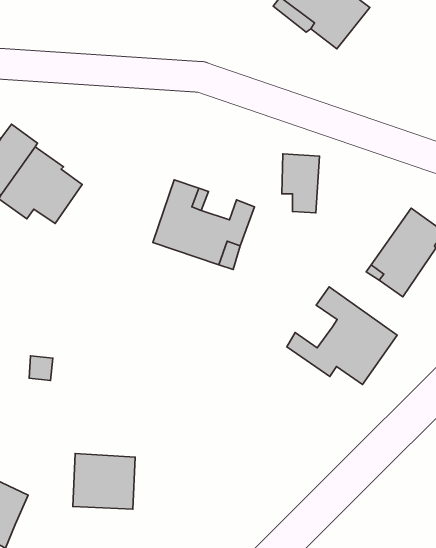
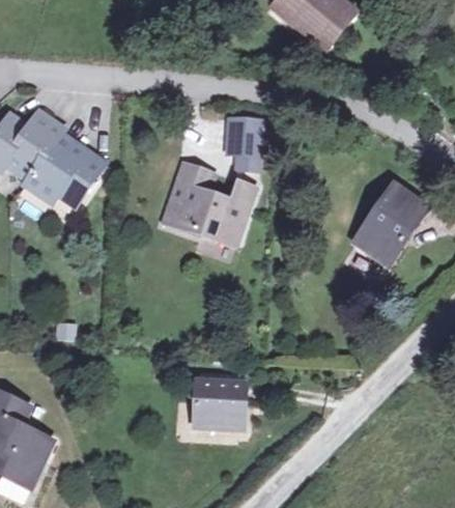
building: [282,154,319,213] -> [226,115,259,167]
building: [287,287,397,384] -> none
building: [73,454,135,509] -> [194,378,249,427]

